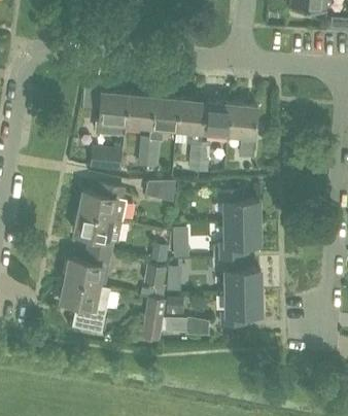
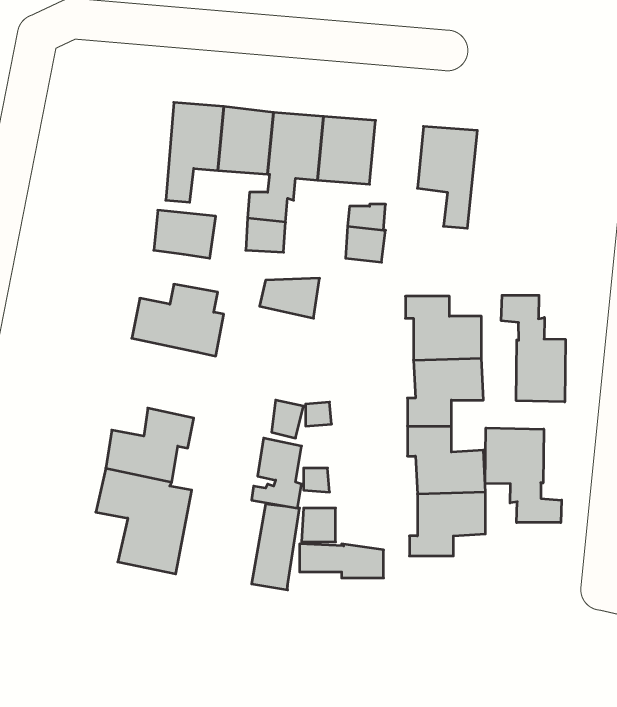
building: [202,100,230,135] -> none
building: none -> [501,295,565,402]
building: [74,212,123,253] -> none
building: none -> [485,428,562,523]

